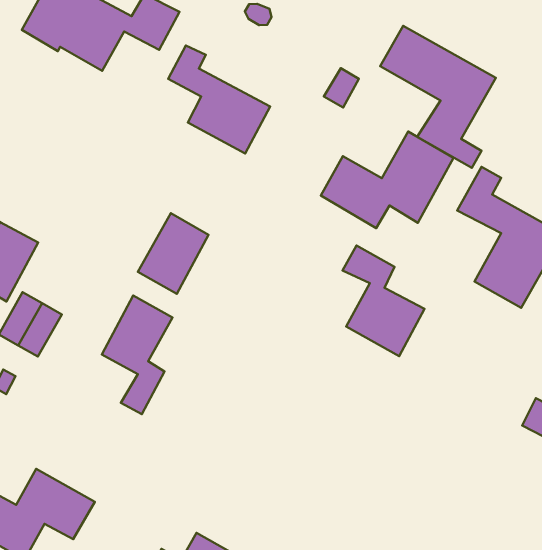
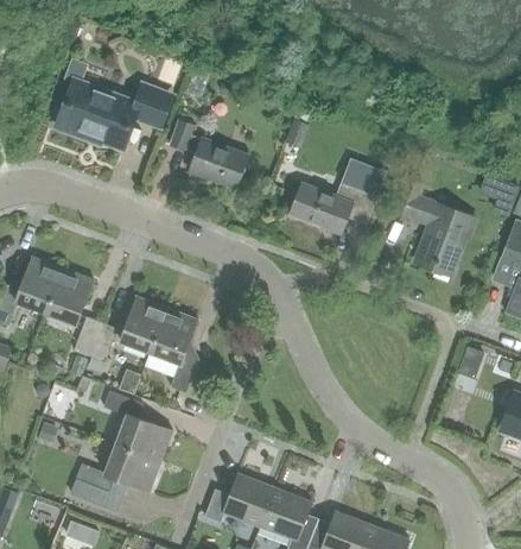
building: [380,26,496,168] -> none
building: [138,213,208,294] -> [120,296,167,354]
building: [342,245,425,356] -> none
building: none -> [103,391,172,462]

